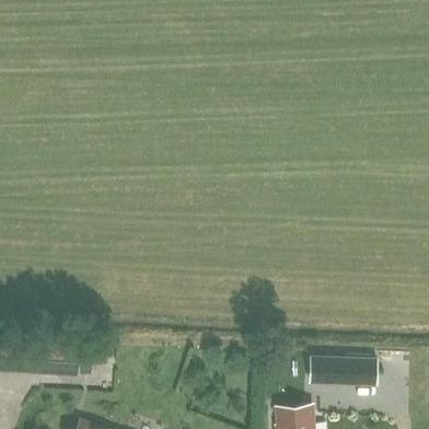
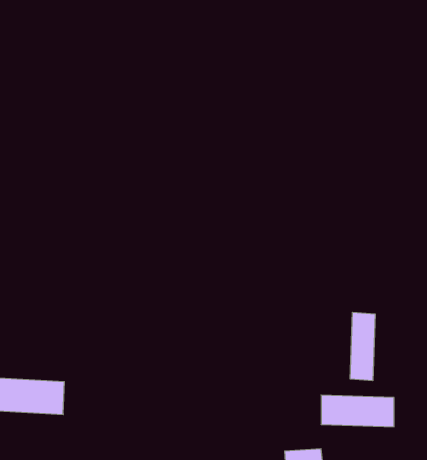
building: none -> [350,312,375,381]

